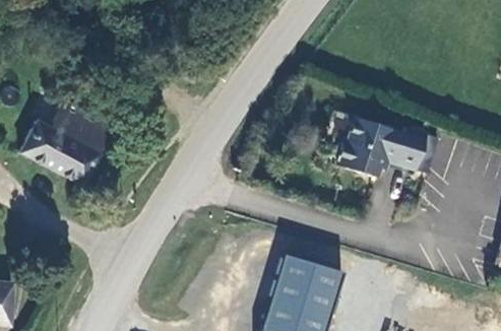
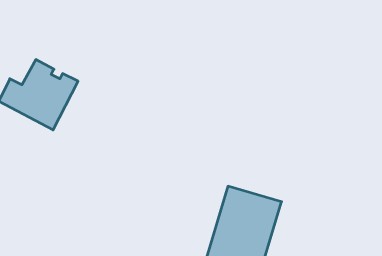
building: [334,122,431,183] -> none

